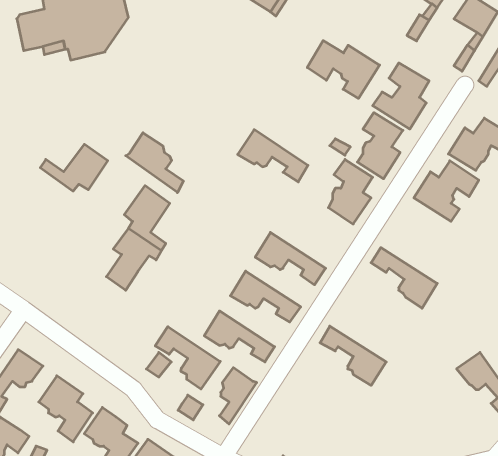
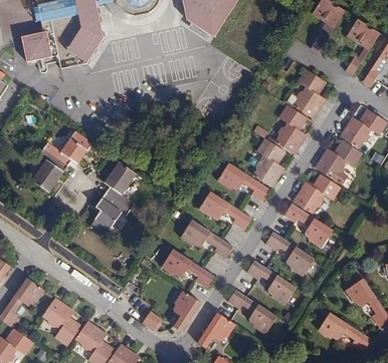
building: [307,41,380,98] -> none
building: [238,130,308,182] -> [217,163,268,202]
building: [126,133,183,193] -> none
building: none -> [30,145,66,190]
building: none -> [293,174,340,214]
building: none -> [264,233,313,277]
building: [155,327,220,389] -> none
building: none -> [228,290,275,333]
building: none -> [197,313,234,348]
building: none -> [320,314,372,350]

